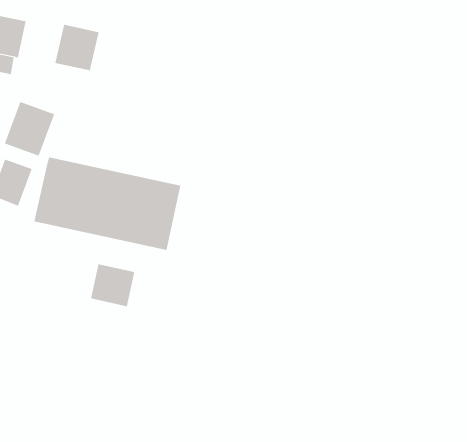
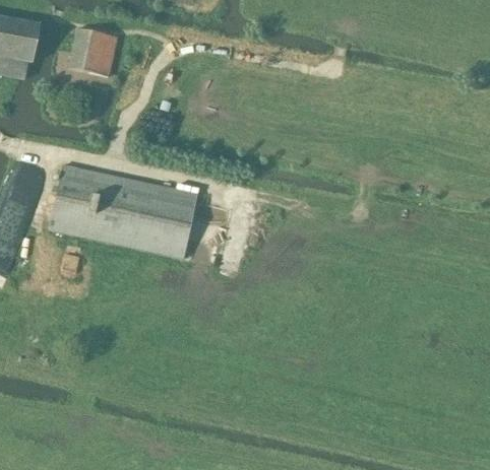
building: [4,101,55,157] -> none
building: [90,263,135,307] -> none

